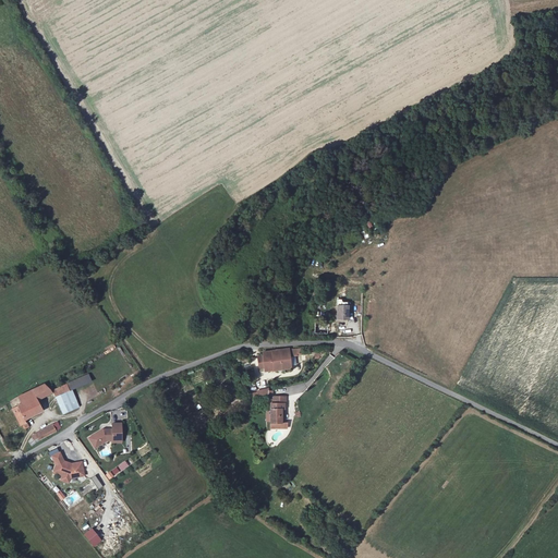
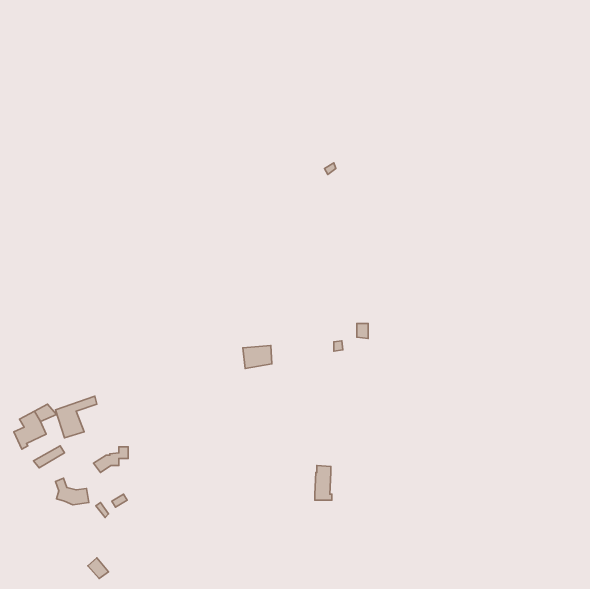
building: [264,349,291,371] -> [243,346,272,369]
building: [270,396,287,428] -> [315,465,332,500]

